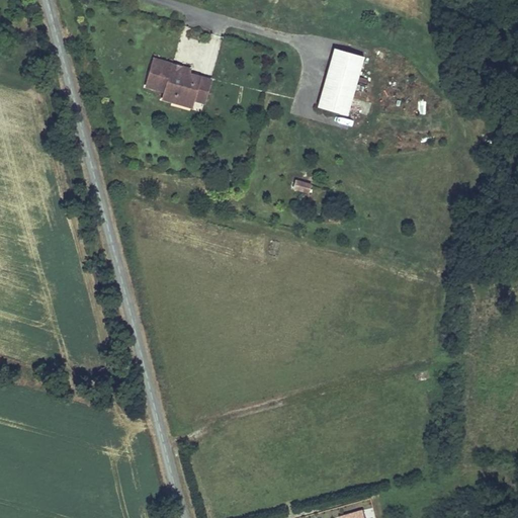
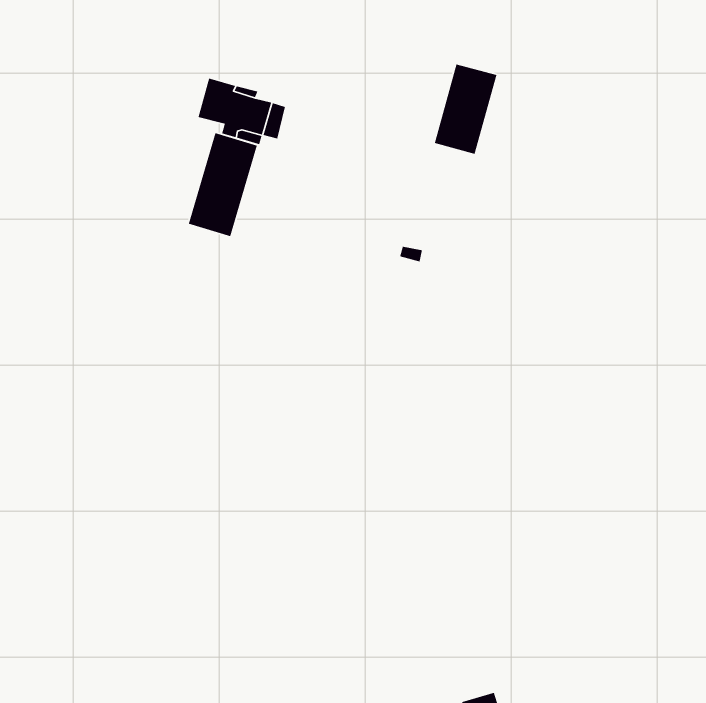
building: none -> [188,132,258,237]

